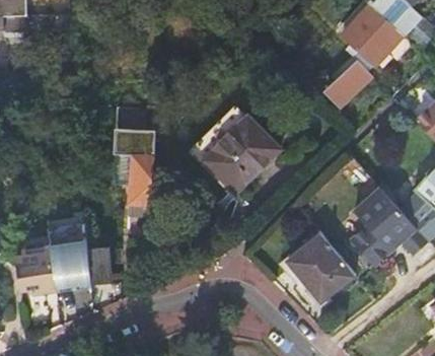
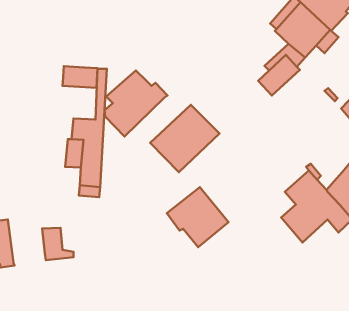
building: none -> [63,66,97,88]
building: none -> [104,71,168,136]
building: [49,234,90,290] -> none
building: [286,235,354,301] -> [167,187,229,247]

